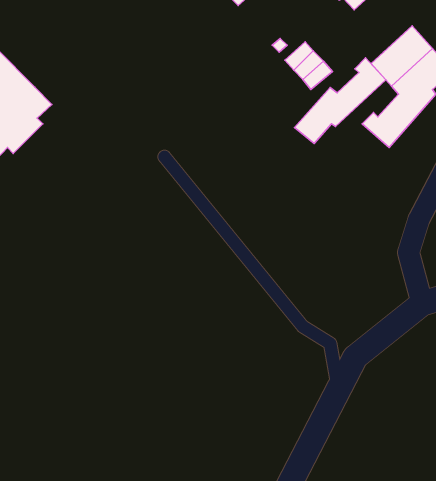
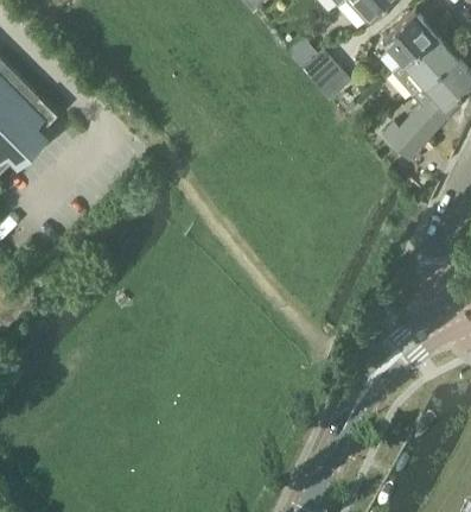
building: none -> [383,12,433,61]
building: [294,58,386,144] -> none

